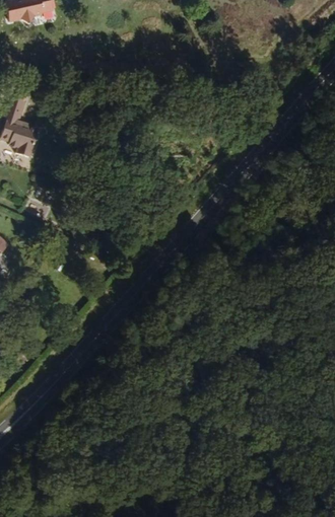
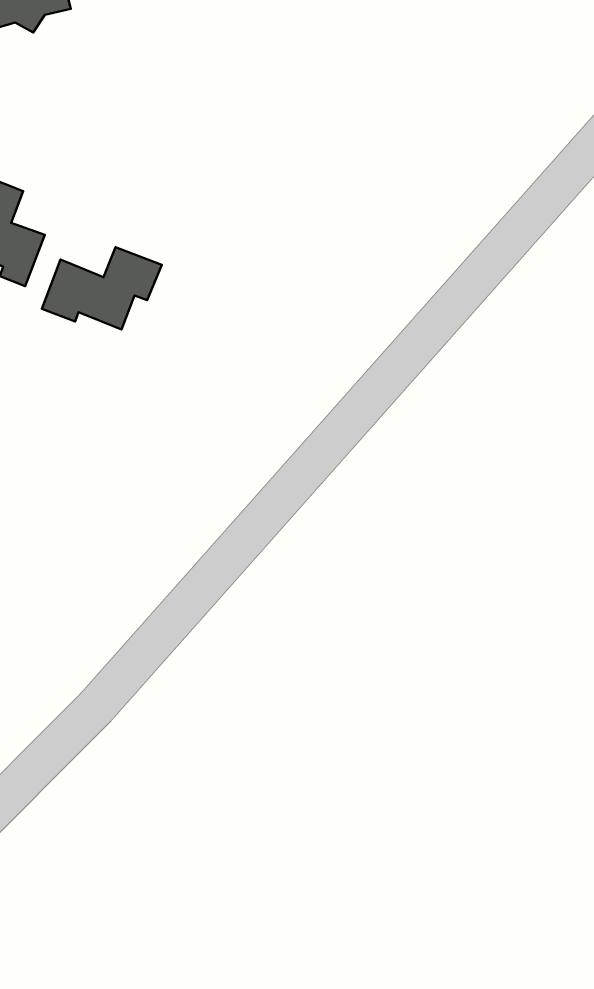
building: none -> [42,247,162,330]

